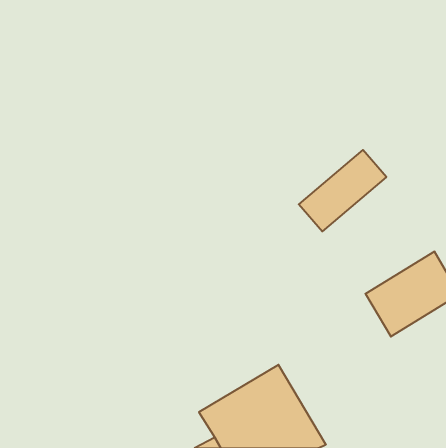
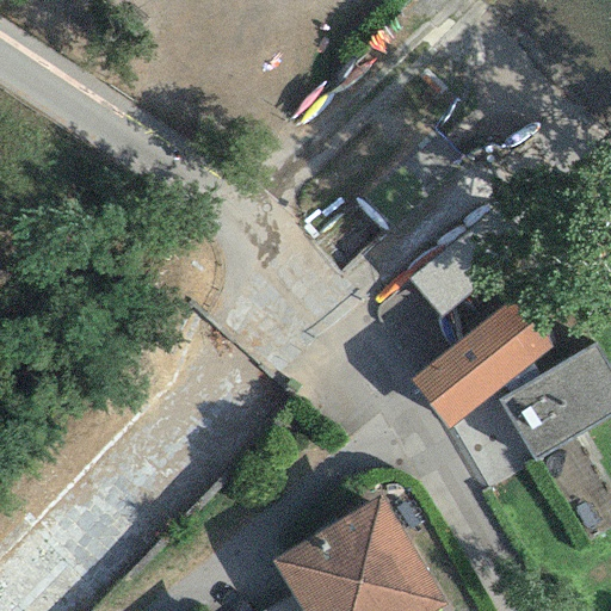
building: none -> [411,300,550,427]

